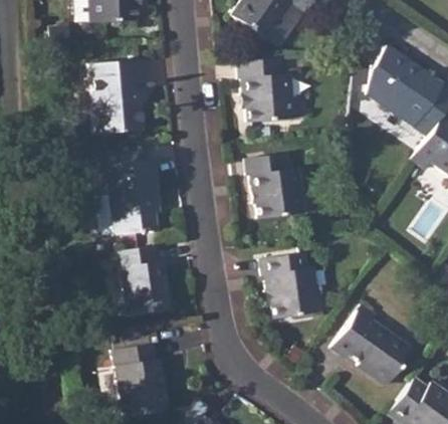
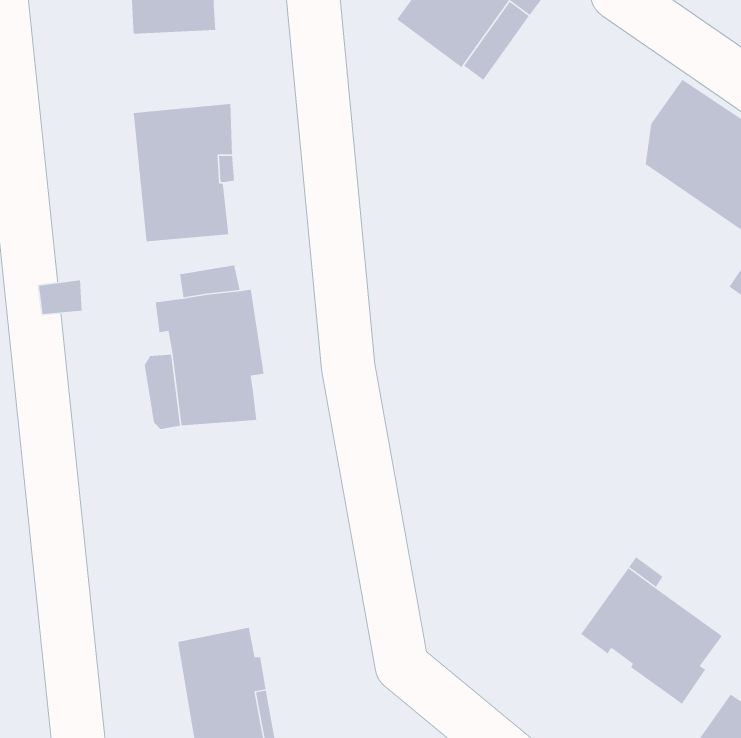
building: [238,57,293,122] -> none
building: [245,153,302,218] -> none
building: [111,245,171,315] -> none
building: [261,252,319,319] -> none

